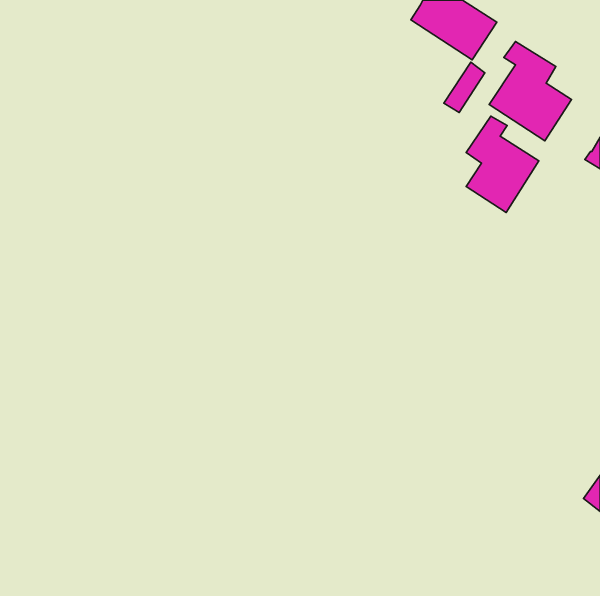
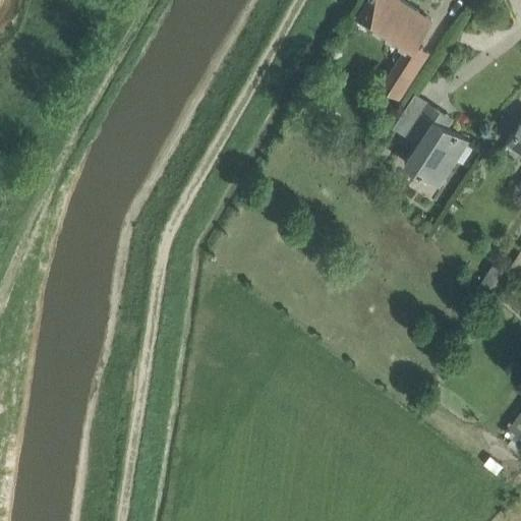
building: [489,41,572,141] -> none

